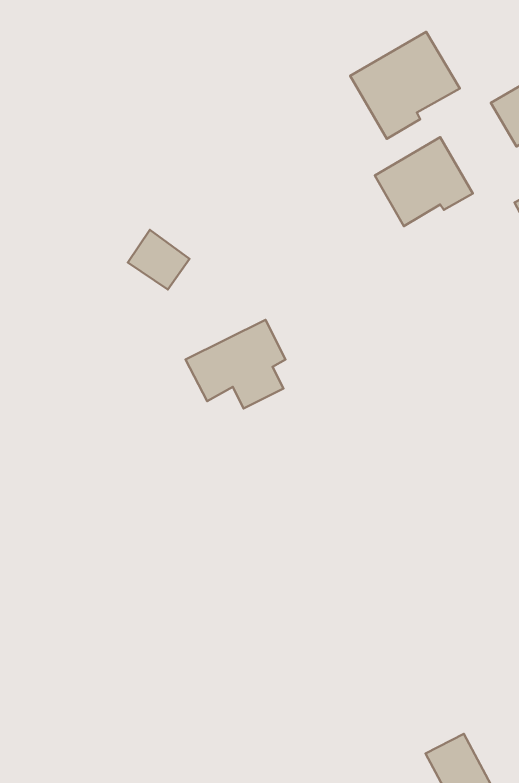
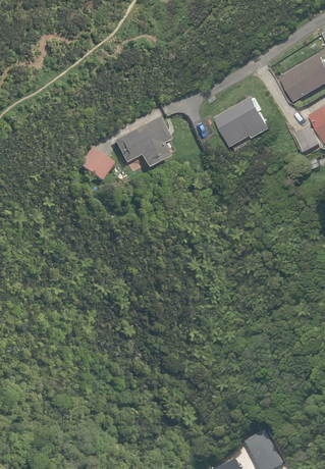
building: [350,32,460,139] -> none
building: [186,320,285,408] -> [110,118,166,168]

